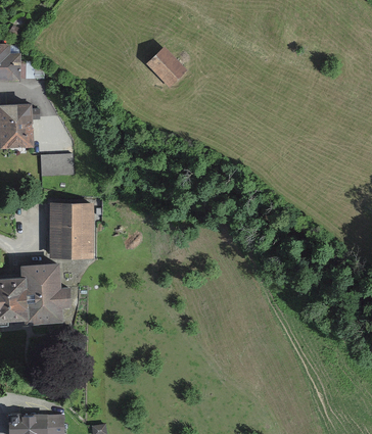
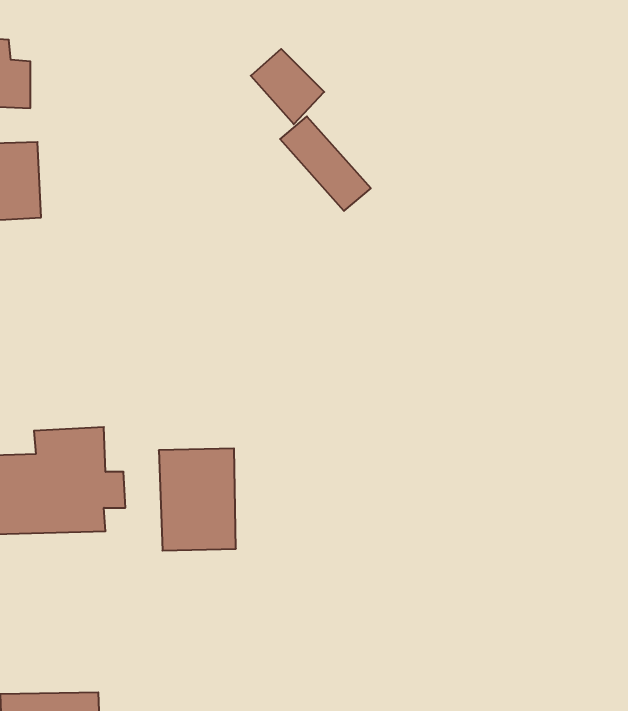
building: none -> [280,116,371,211]
building: [38,150,71,173] -> none
building: [49,201,93,259] -> [159,448,236,551]

